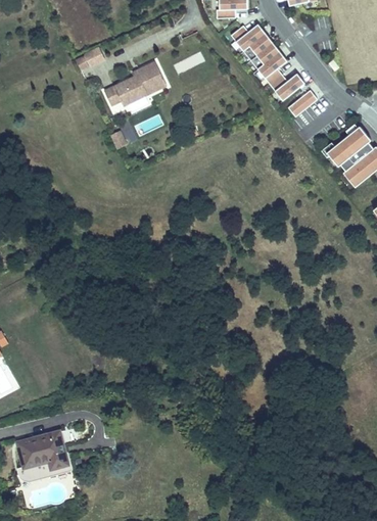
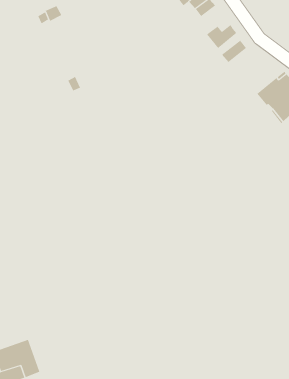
building: [257,49,288,83] -> none
building: [103,62,166,107] -> none

